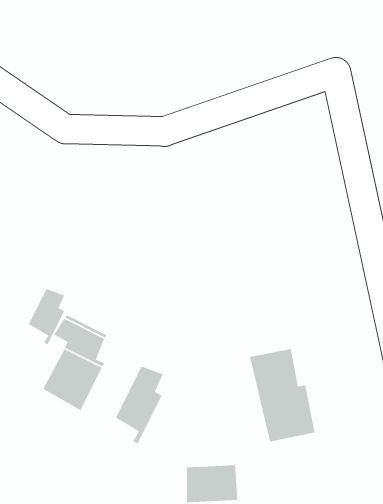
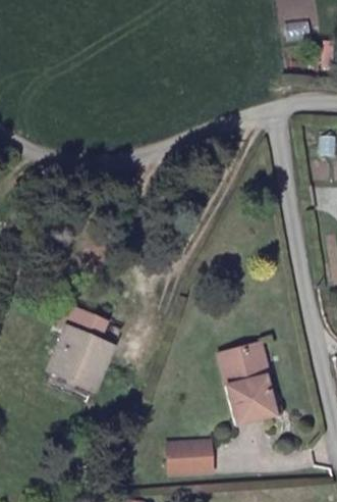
building: [28,288,65,345] -> none
building: [115,366,164,445] -> none

